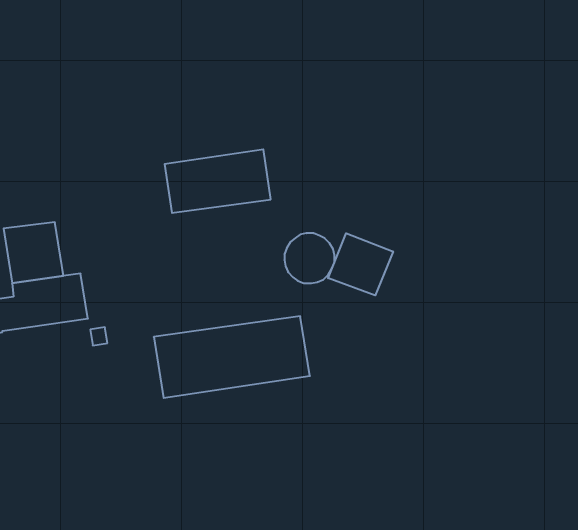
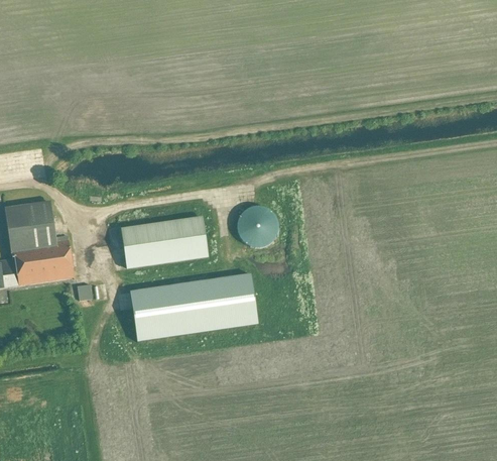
building: [165,149,271,213] -> [120,216,208,268]
building: [328,233,393,295] -> none

